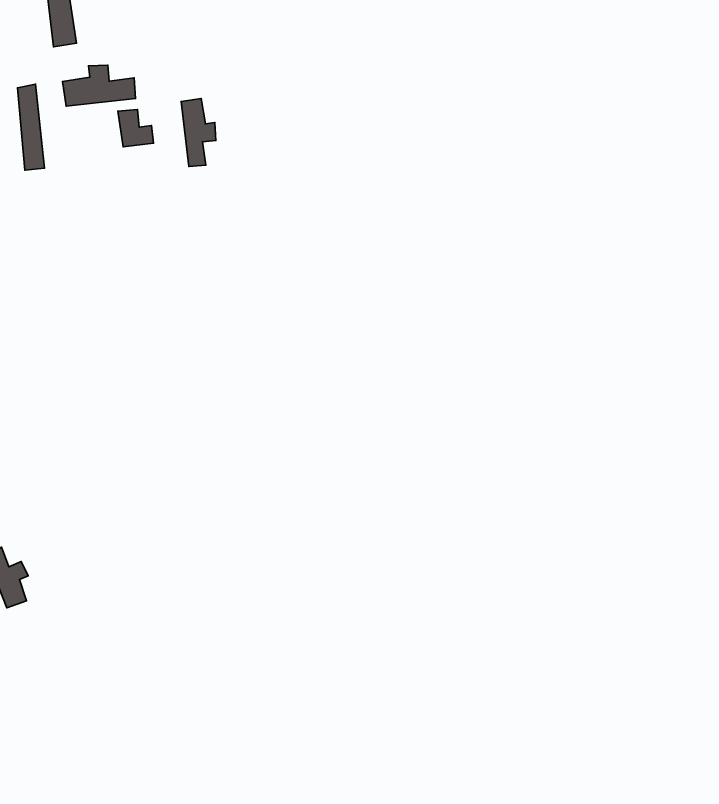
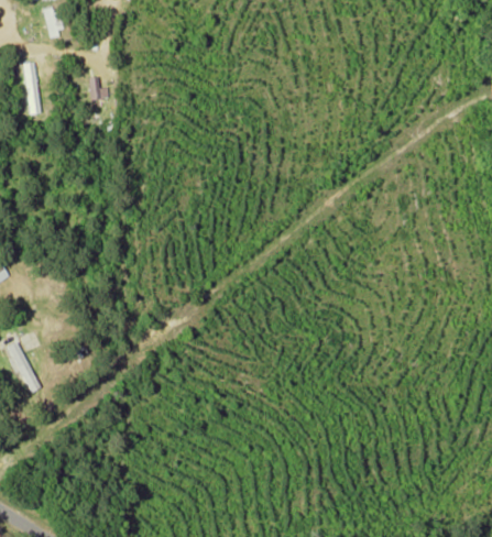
building: [63,65,136,106] -> none
building: [181,98,216,166] -> none

